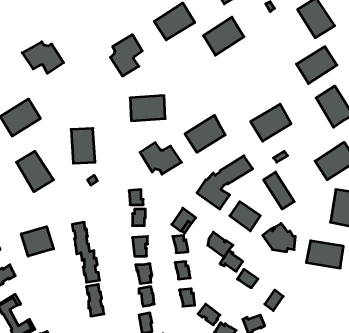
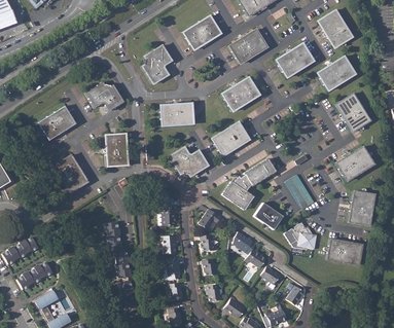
building: none -> [276,42,314,77]
building: [22,42,64,73] -> [85,81,124,111]
building: [251,104,291,141] -> [221,76,259,111]
building: [21,227,54,256] -> none

